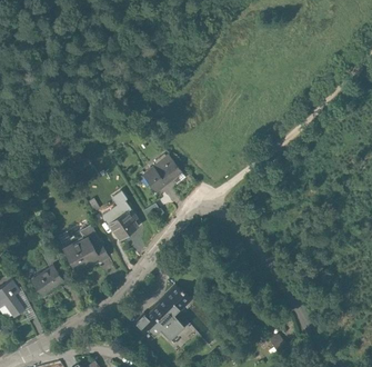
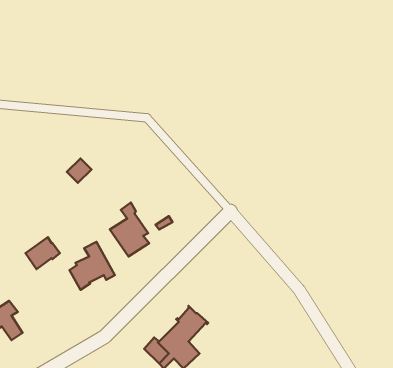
building: [144,156,181,191] -> none
building: [33,265,64,294] -> [26,237,60,269]

